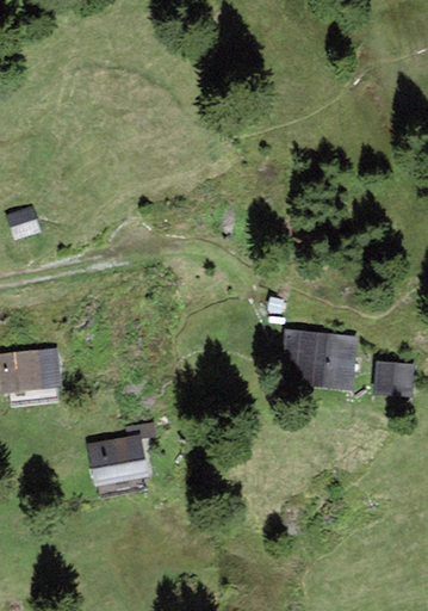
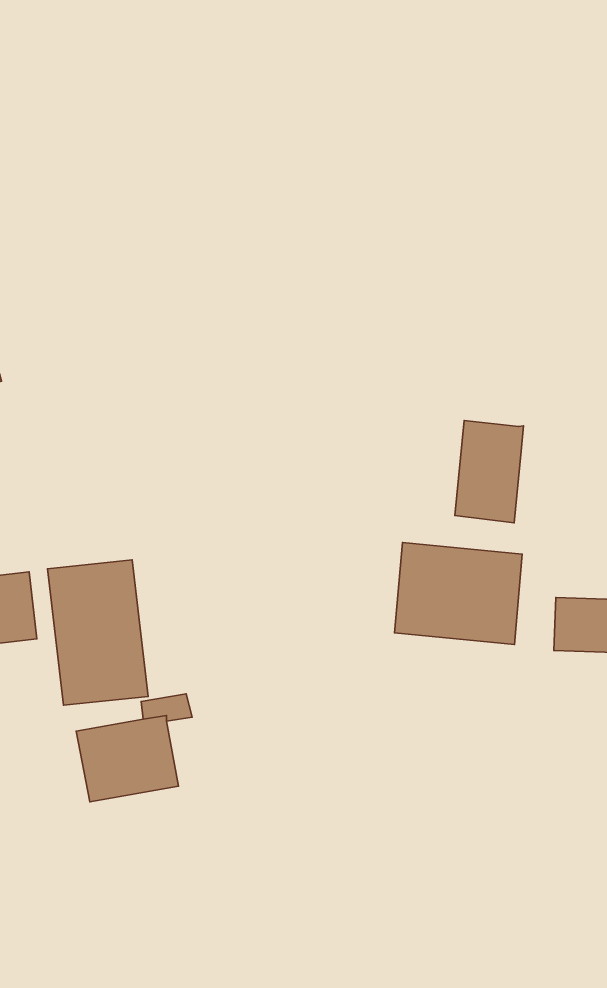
building: none -> [455,421,524,523]
building: none -> [47,560,148,705]

